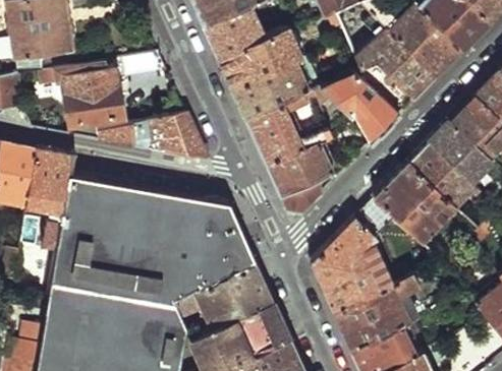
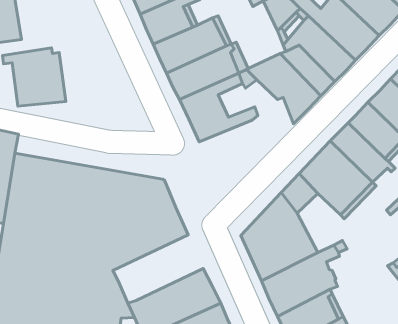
building: [98,116,207,159] -> none
building: [267,141,331,221] -> none
building: [173,265,271,336] -> none

